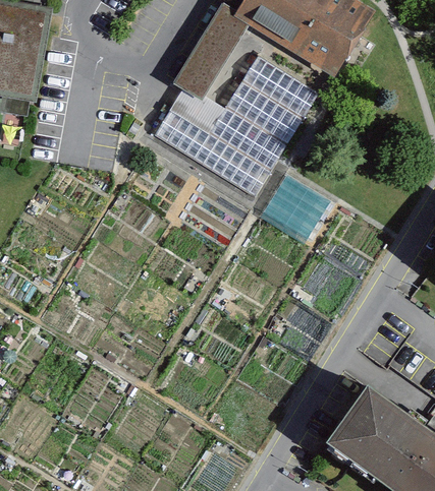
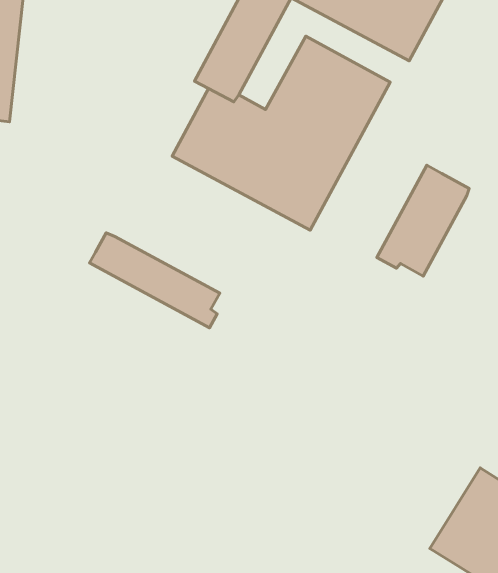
building: none -> [377,165,469,276]
building: none -> [89,233,220,328]

